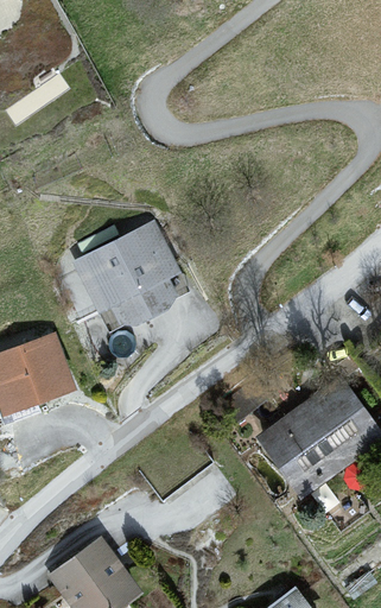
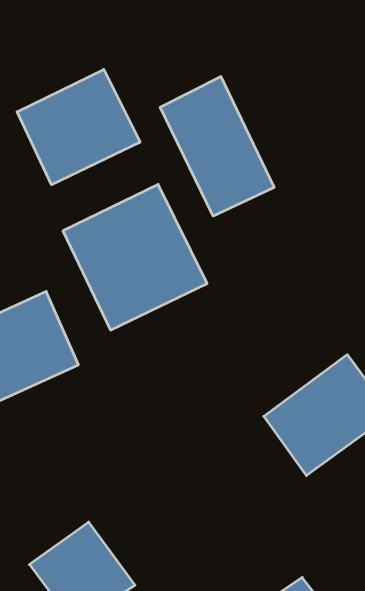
building: none -> [17,69,140,185]
building: none -> [160,76,274,216]

